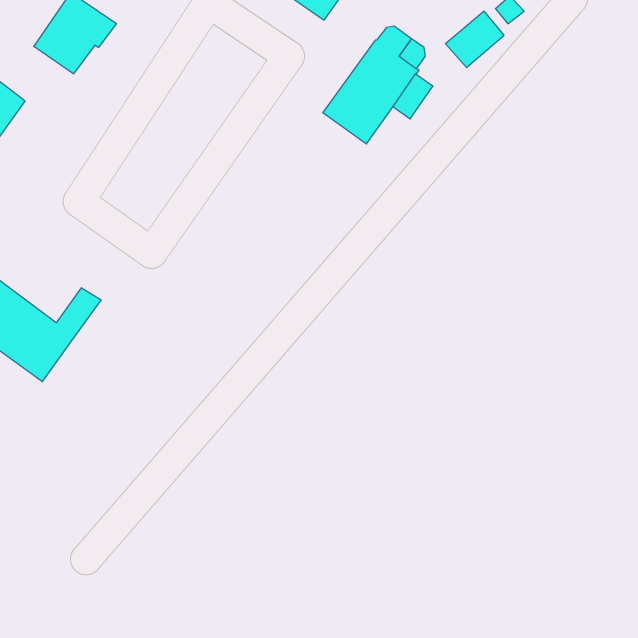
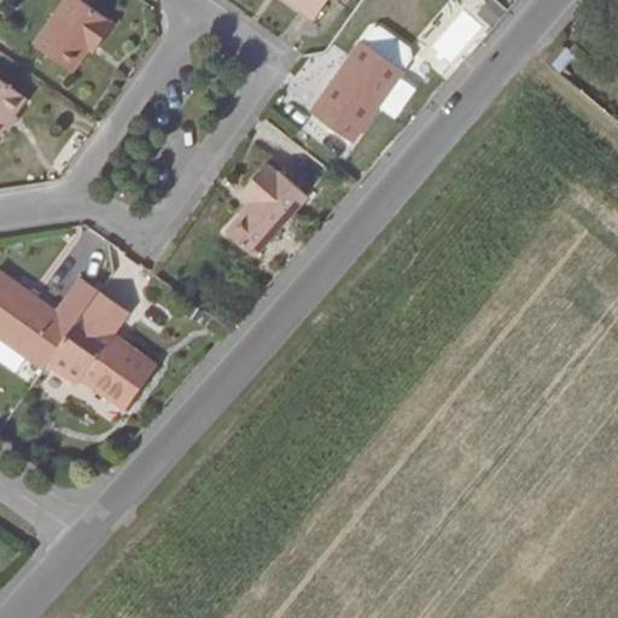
building: none -> [227,163,308,255]
building: none -> [45,290,156,409]

